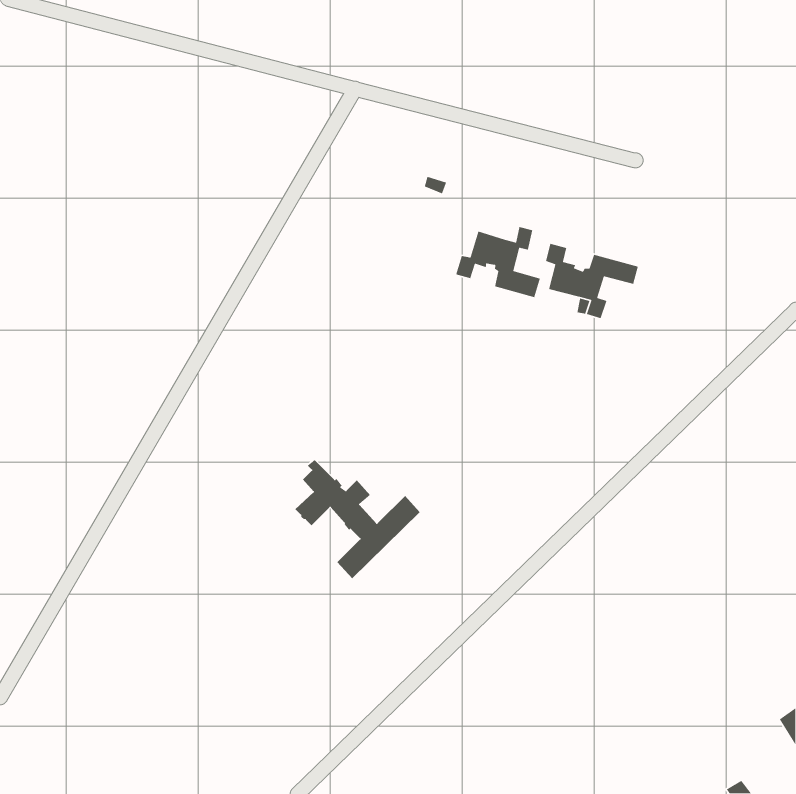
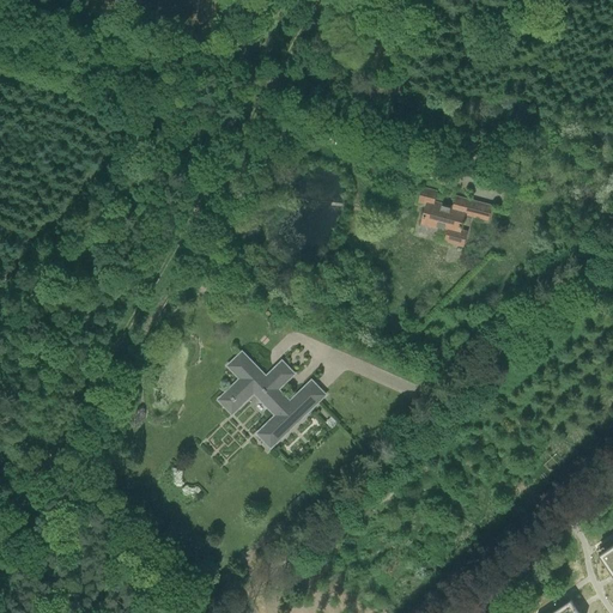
building: [455,226,541,298] -> none

